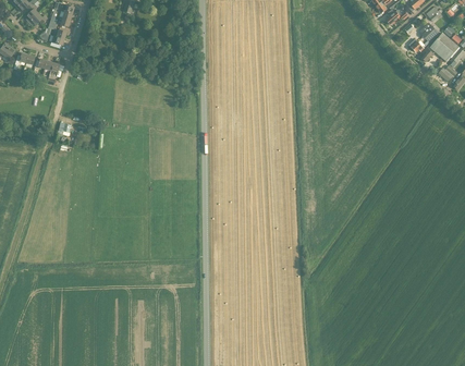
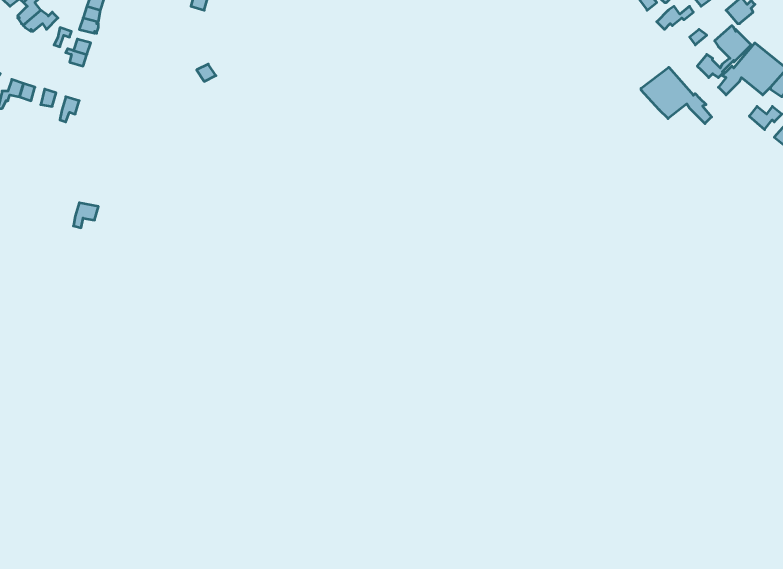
building: none -> [641,67,712,124]

